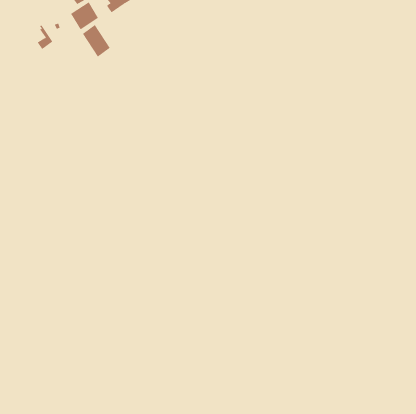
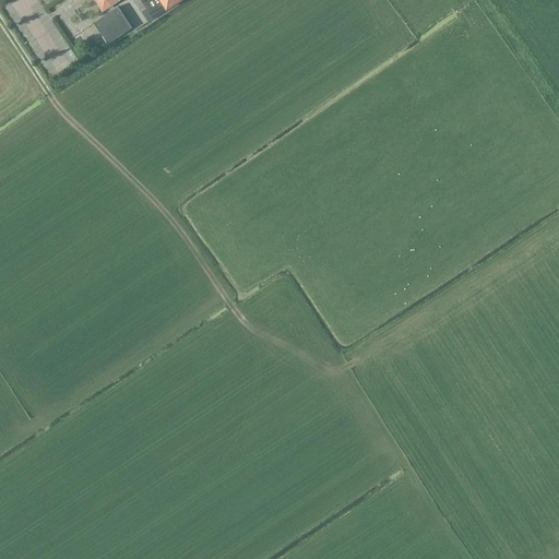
building: [82,24,111,57] -> none

